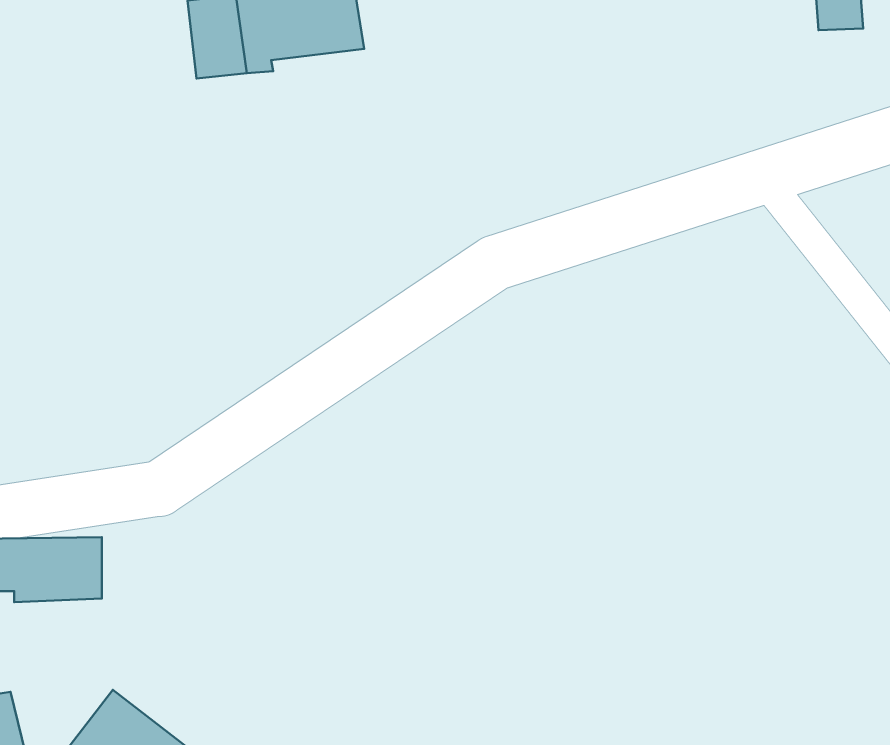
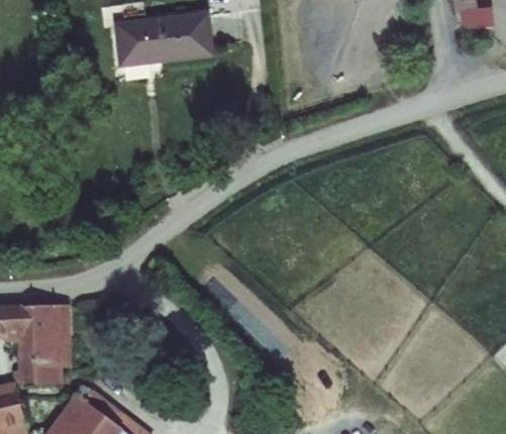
building: none -> [21,344,69,394]

